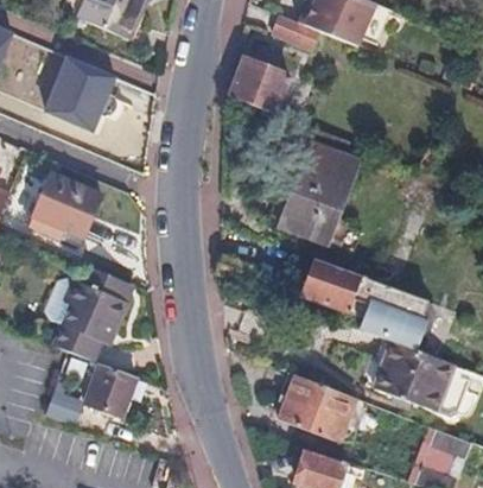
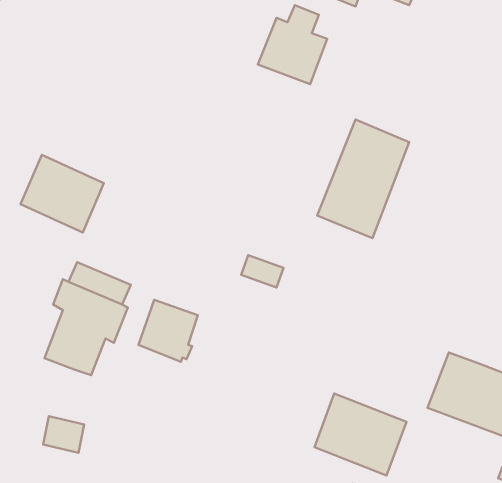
building: [42,58,115,135] -> none
building: [300,260,427,348] -> none
building: [87,362,136,414] -> [139,300,198,362]

